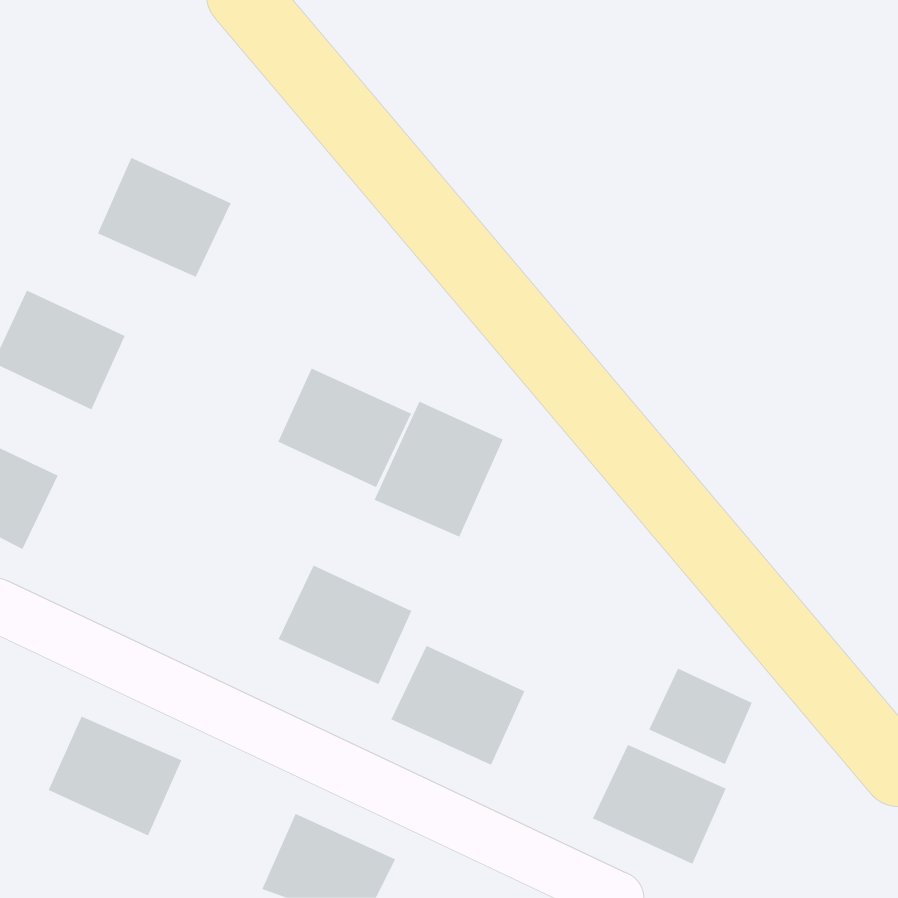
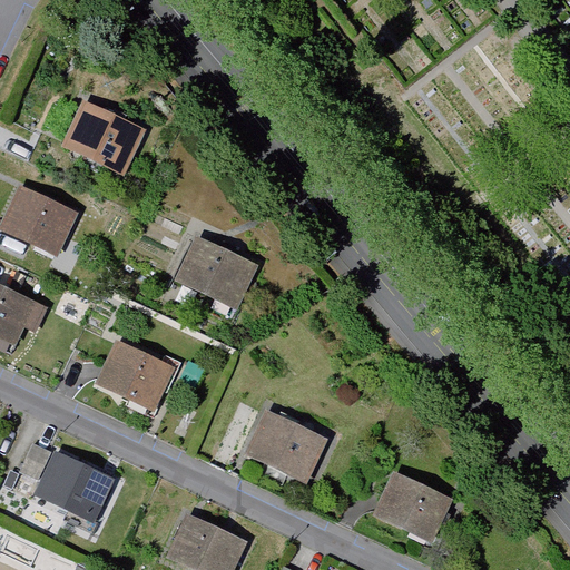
building: [374,401,503,538] -> none
building: [278,565,412,685] -> [91,337,176,413]
building: [649,668,752,765] -> none

